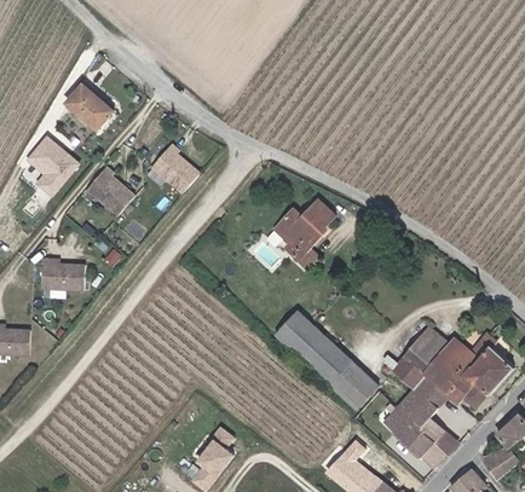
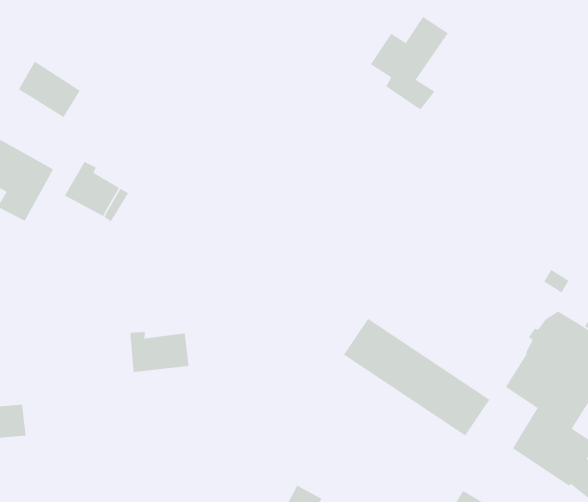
building: [151,138,198,187] -> none
building: [277,199,339,268] -> [370,16,449,110]
building: [41,257,85,290] -> [129,331,190,373]

